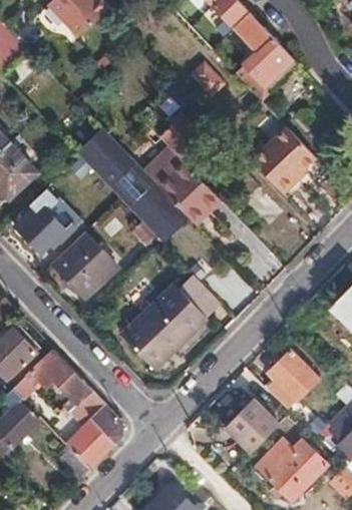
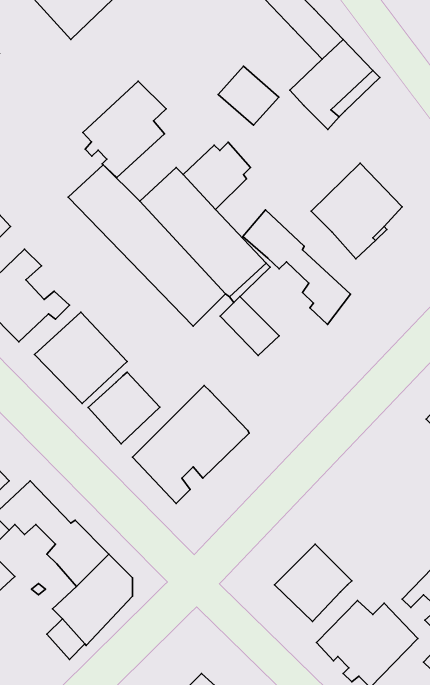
building: none -> [83,81,166,177]
building: none -> [243,210,350,325]
building: [178,275,220,317] -> [220,297,279,356]
building: none -> [88,372,160,444]
building: [268,351,318,410] -> none

